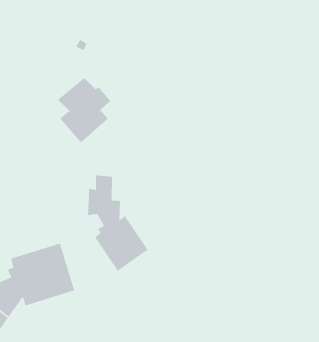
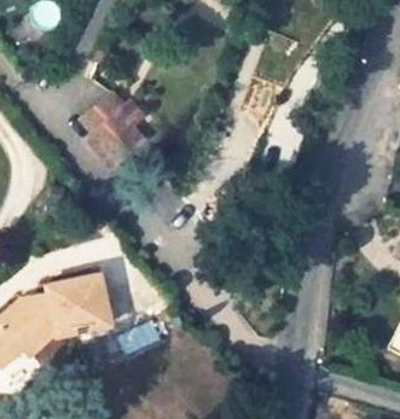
building: [87,175,149,272] -> none

